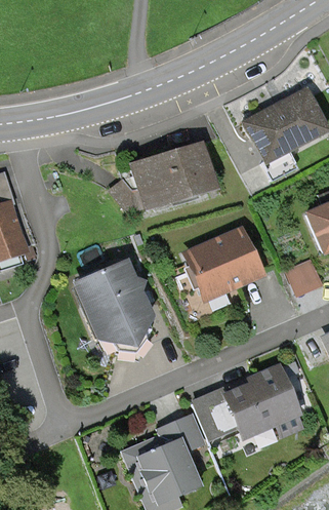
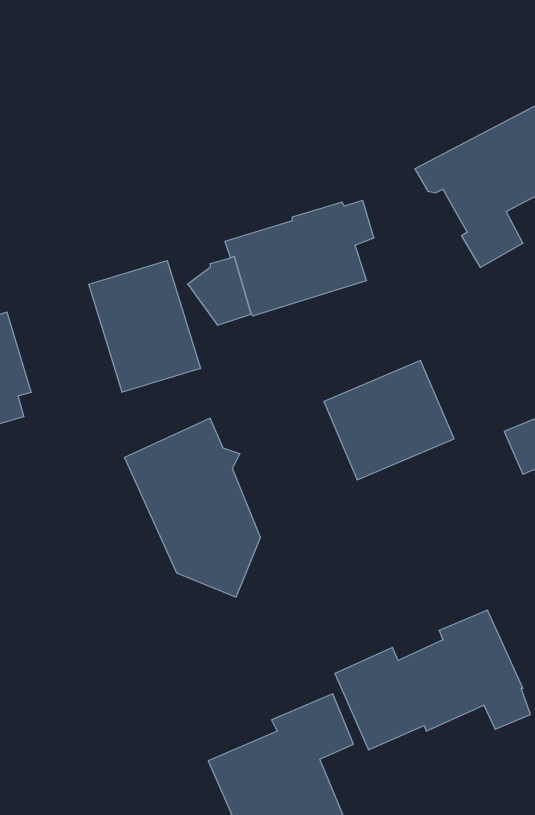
building: none -> [89,261,200,392]

